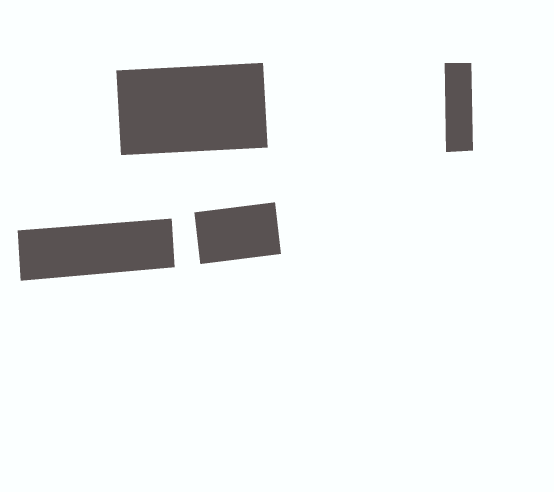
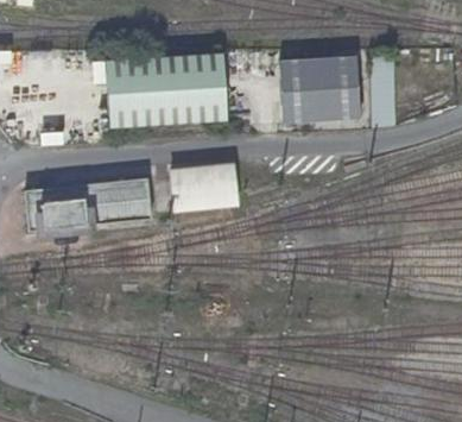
building: none -> [272,55,356,124]

